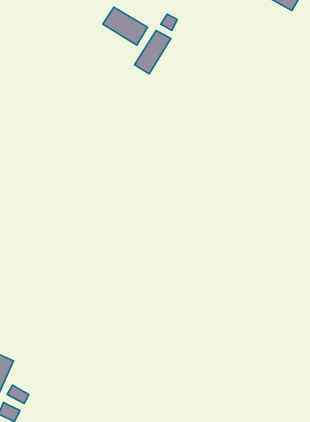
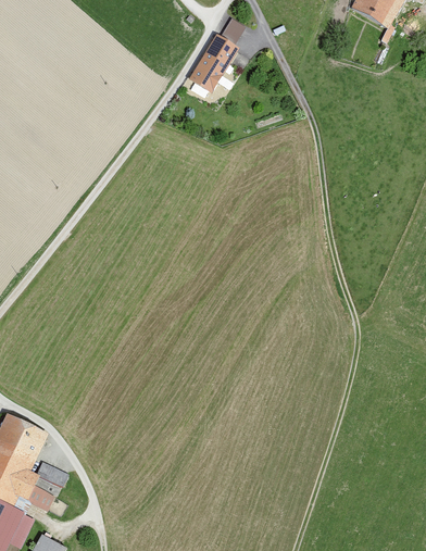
building: [103,7,148,45] -> none

